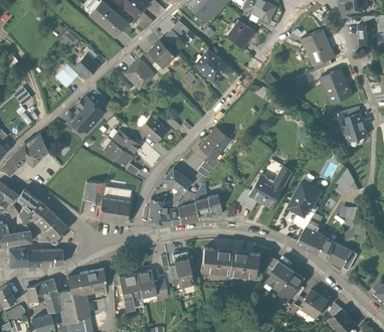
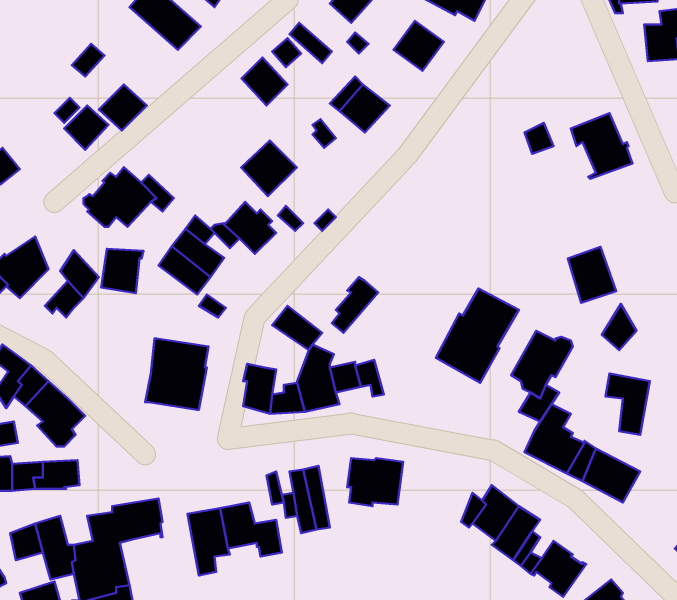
building: [301,29,335,64] -> none
building: [124,59,153,89] -> [241,140,297,196]
building: [342,112,367,141] -> [568,247,616,303]
building: [201,129,229,156] -> none
building: [82,181,105,204] -> [101,249,143,293]
building: [229,251,260,279] -> none

